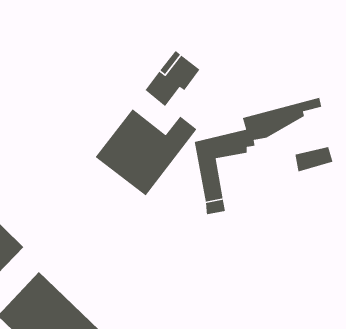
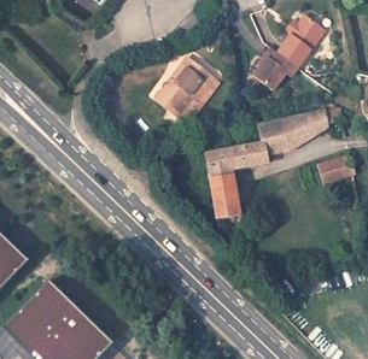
building: none -> [251,12,326,89]
building: [94,108,197,196] -> none

